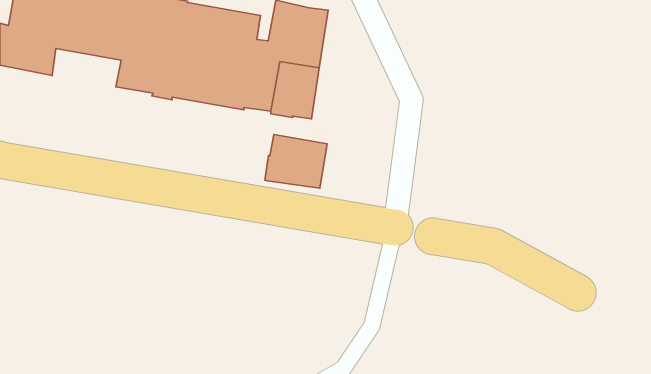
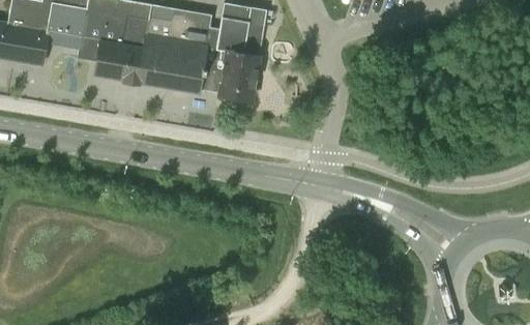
building: [265,135,327,188] -> none

